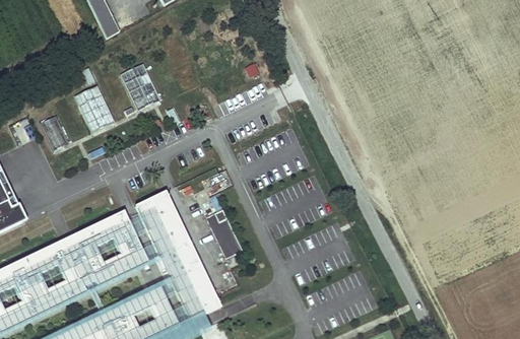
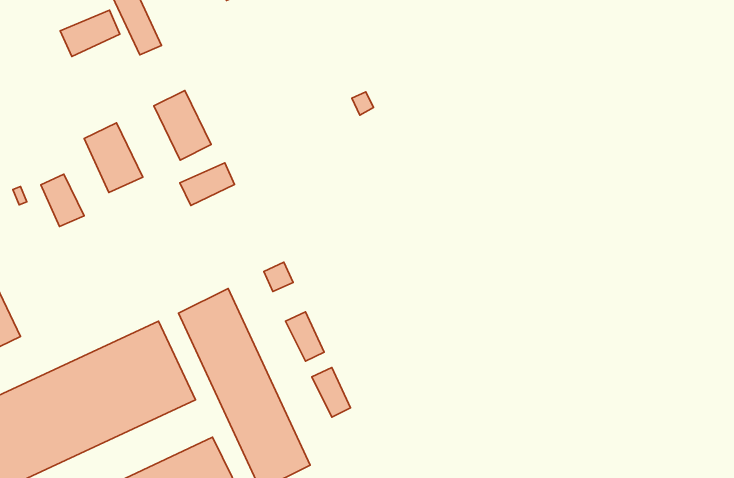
building: none -> [60,10,120,56]
building: none -> [180,163,234,206]

